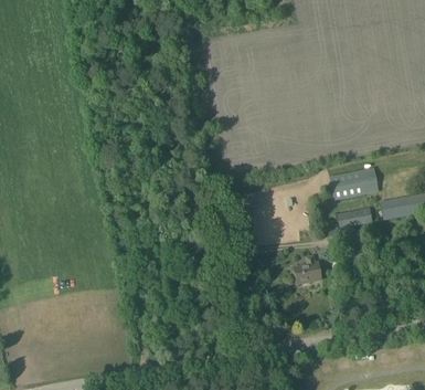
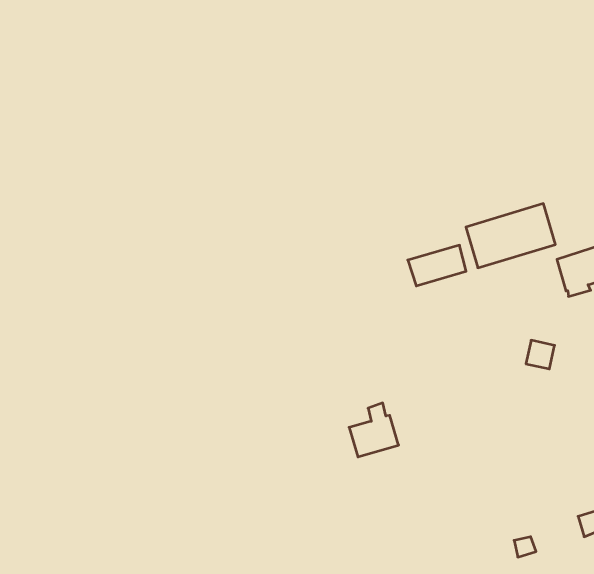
building: [336,208,369,229] -> [408,245,466,286]
building: [293,254,320,284] -> [349,403,399,457]

